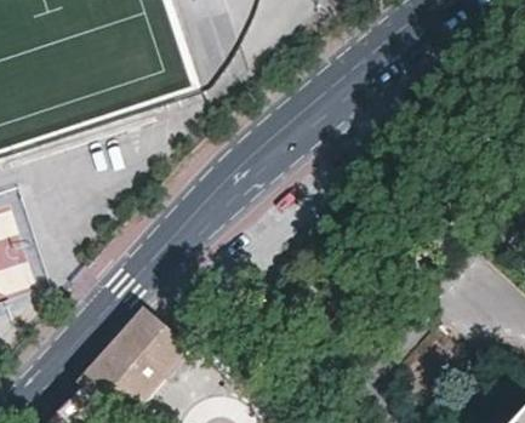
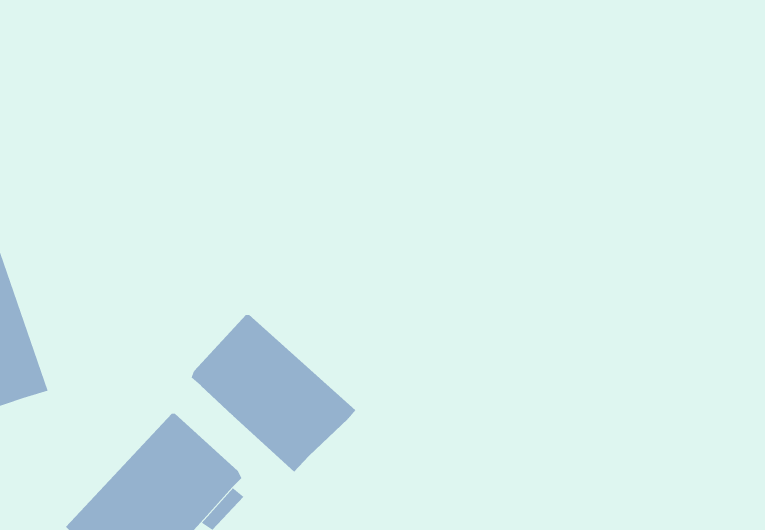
building: none -> [191,314,356,473]

